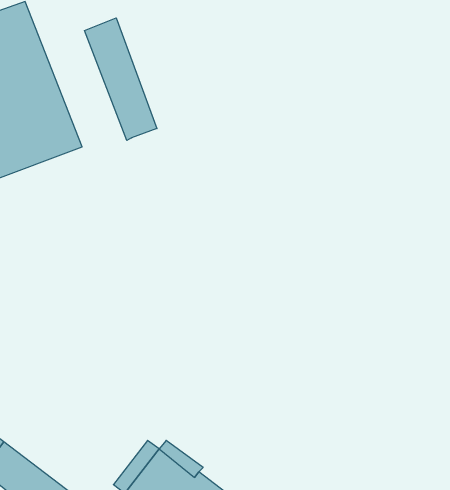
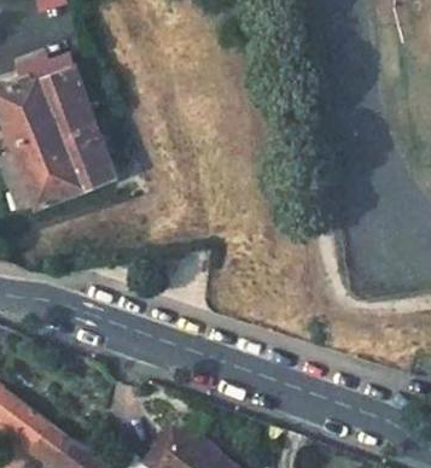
building: [84,18,157,140] -> none

